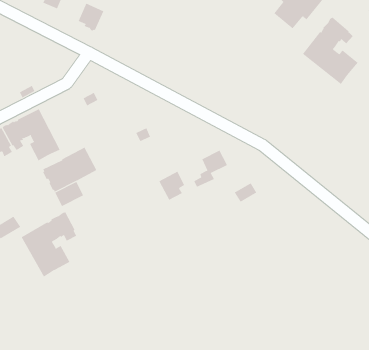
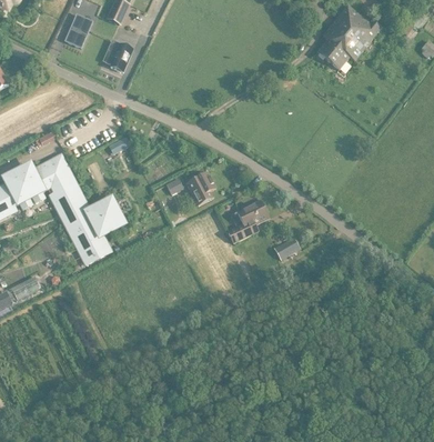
building: [302,16,359,85] -> none
building: [159,171,185,200] -> [186,171,215,203]
building: [21,211,77,277] -> none

